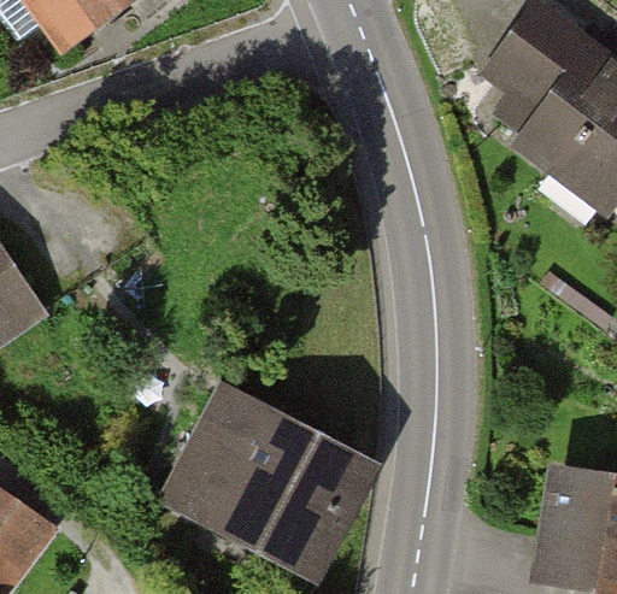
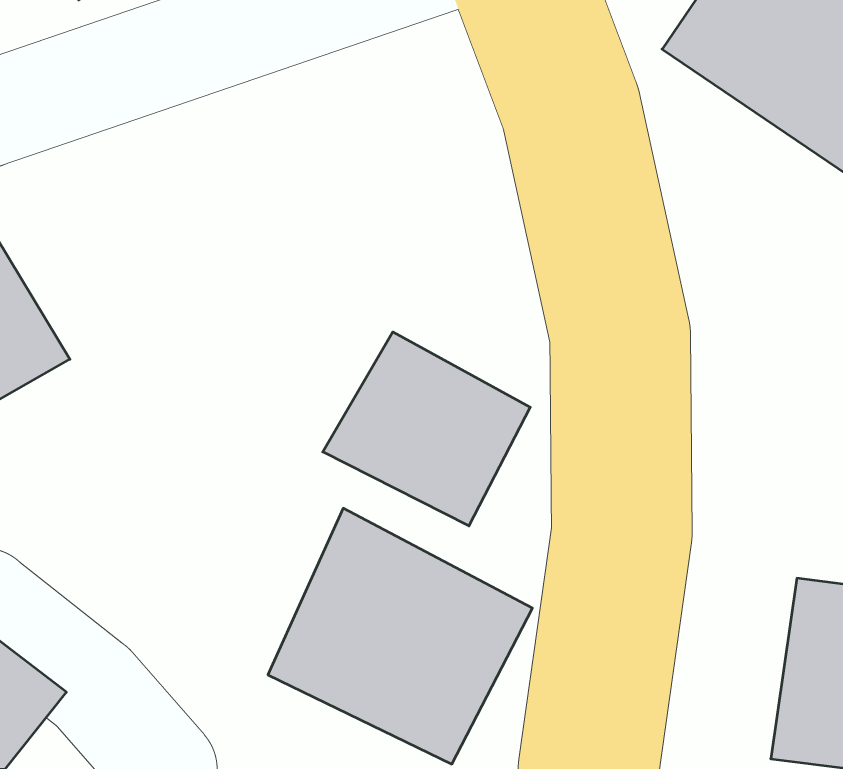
building: none -> [323,332,530,526]

